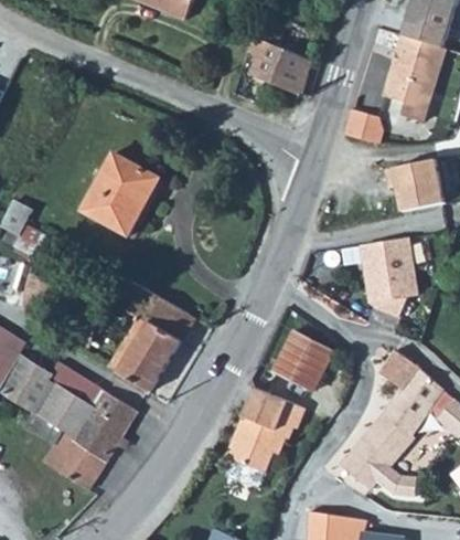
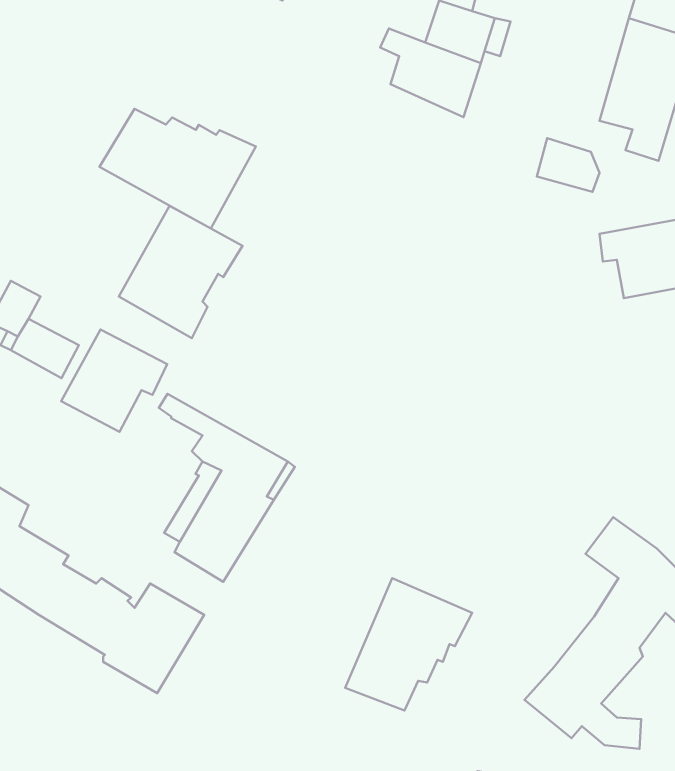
building: none -> [99,109,256,229]
building: none -> [61,330,167,432]
building: [361,237,417,317] -> none
building: [270,330,334,392] -> none
building: [23,411,106,488] -> none

